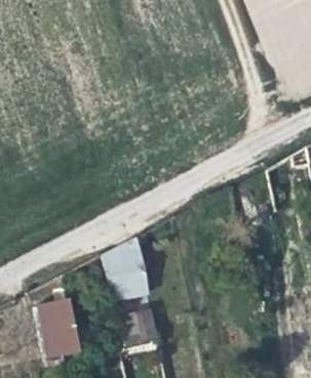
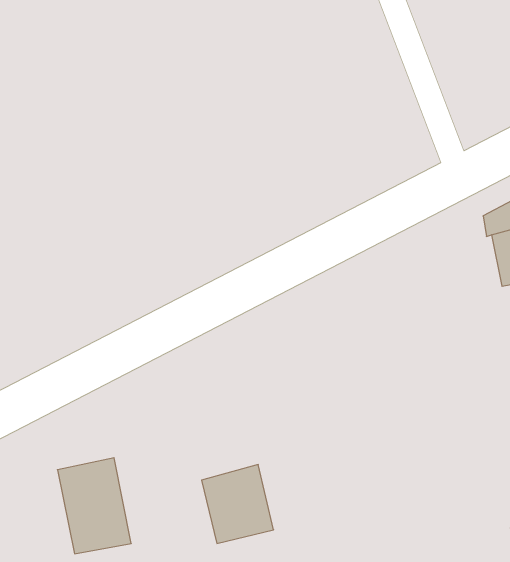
building: [102,236,149,299] -> none

